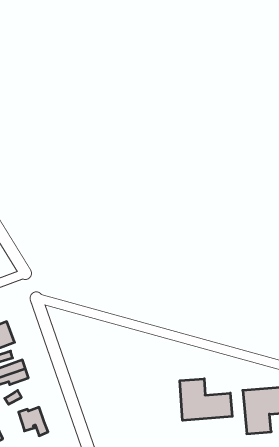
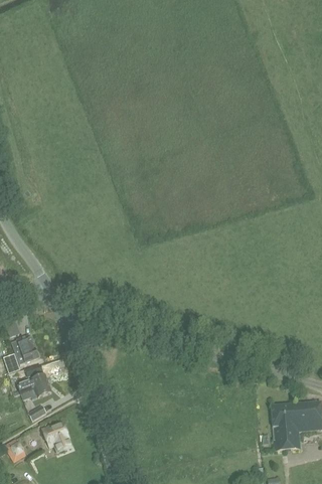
building: [180,379,232,420] -> none

